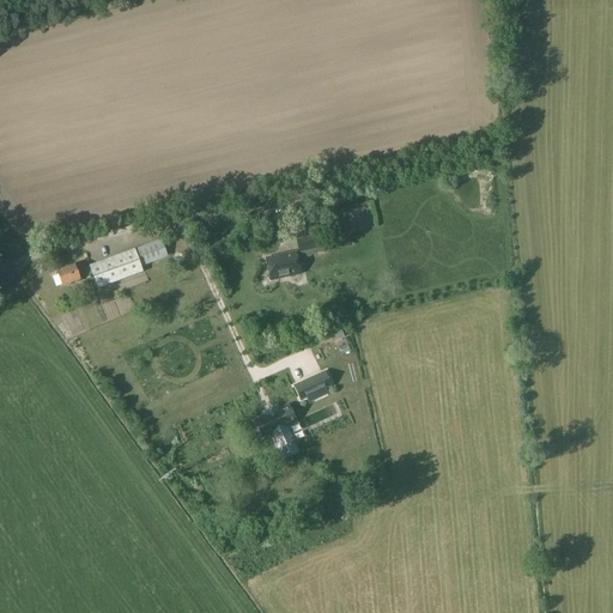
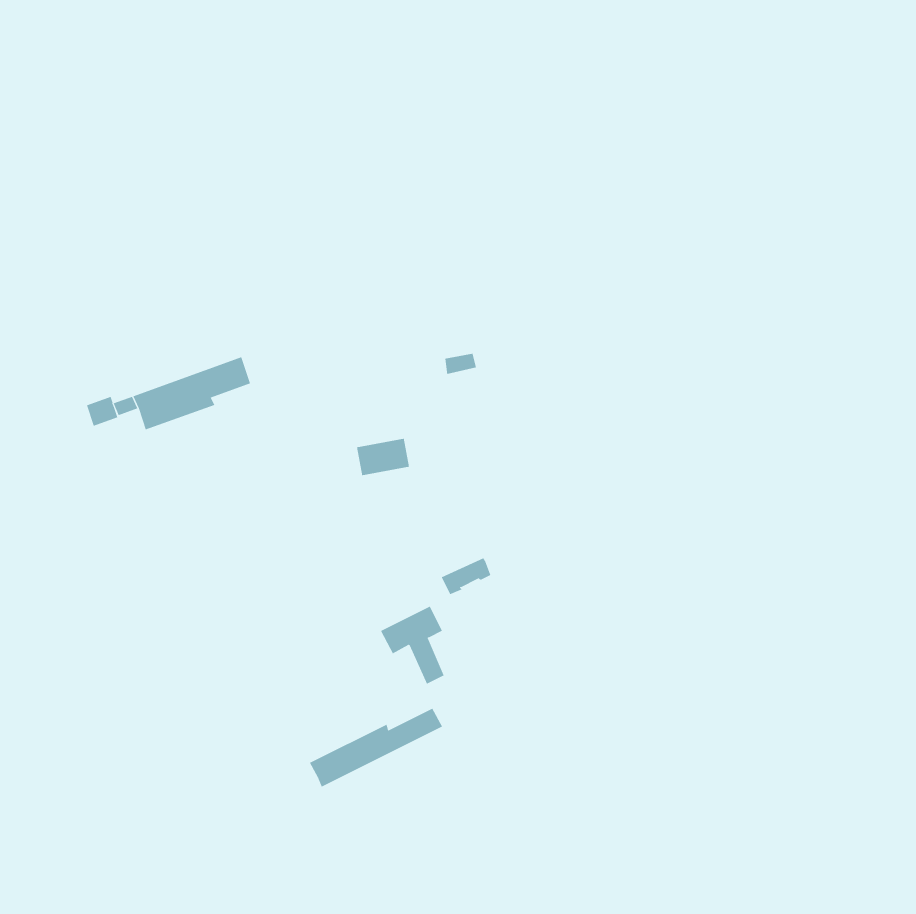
building: [266,254,302,279] -> [356,438,410,476]
building: none -> [309,708,443,788]

